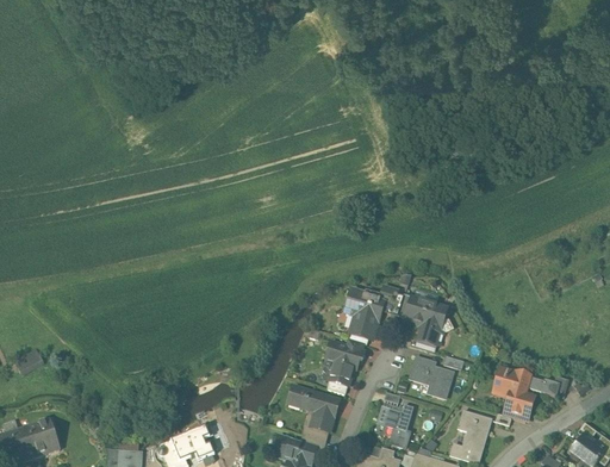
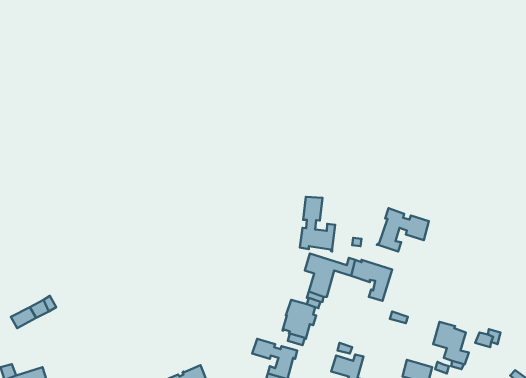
building: none -> [300,197,335,252]
building: none -> [377,208,429,251]
building: [410,357,453,398] -> none

